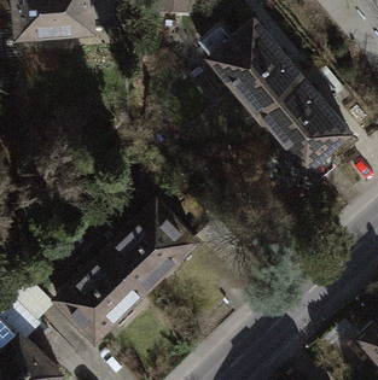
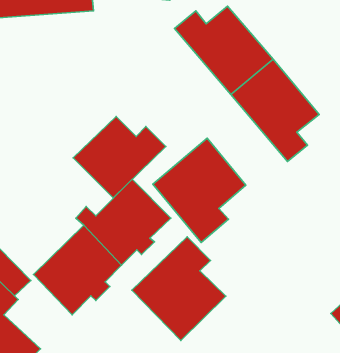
building: none -> [73,117,166,198]
building: none -> [153,138,246,242]
building: none -> [132,237,226,341]

